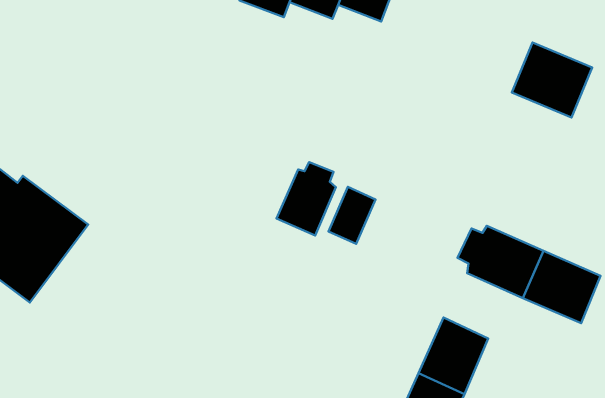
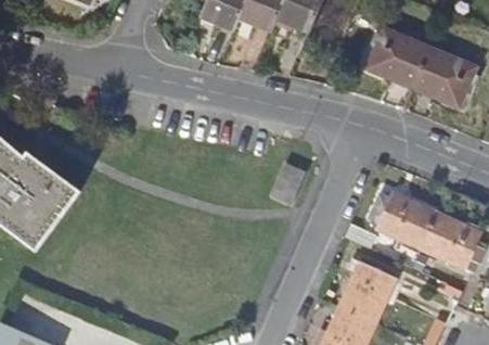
building: none -> [364,28,428,87]
building: [277,162,336,235] -> none

